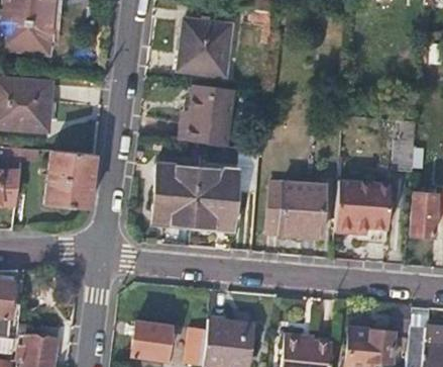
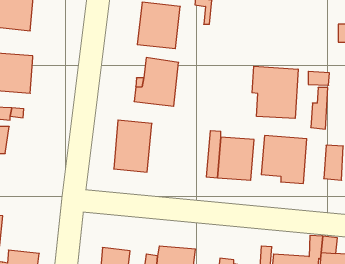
building: none -> [252,66,298,118]
building: [45,150,96,209] -> none
building: [193,167,239,232] -> none

